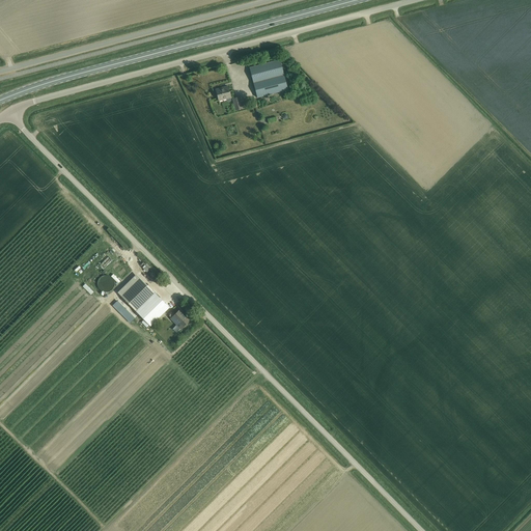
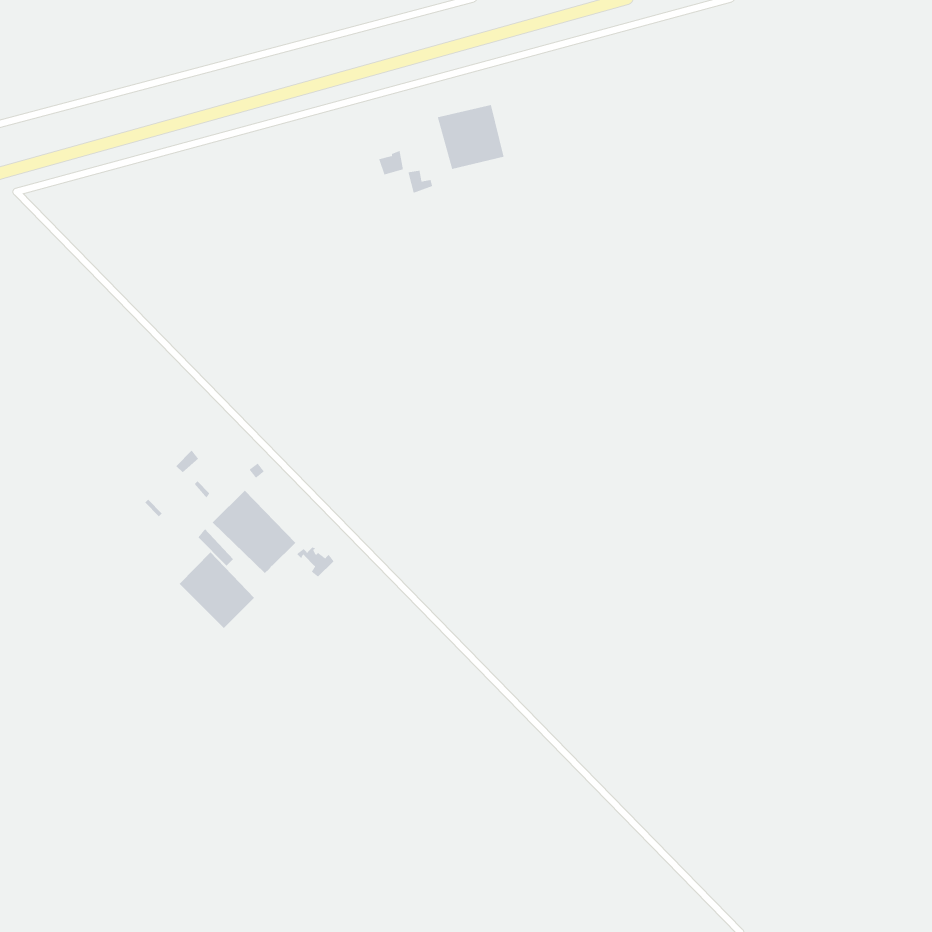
building: none -> [179,551,255,629]

